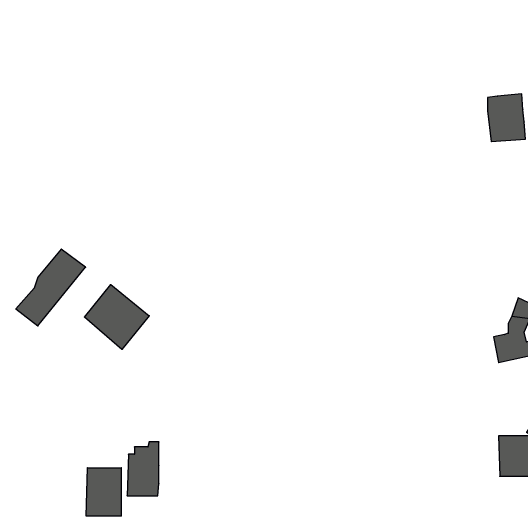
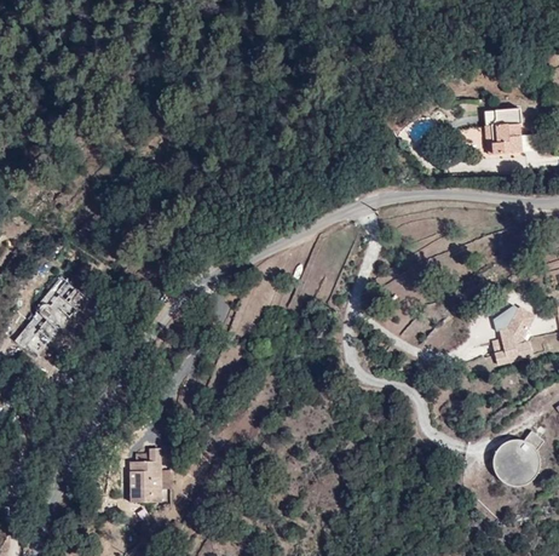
building: [84,285,149,349] -> none
building: [86,468,121,516] -> none

